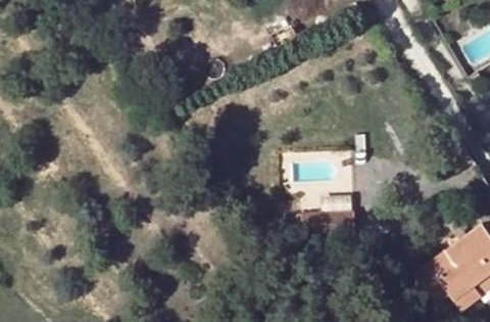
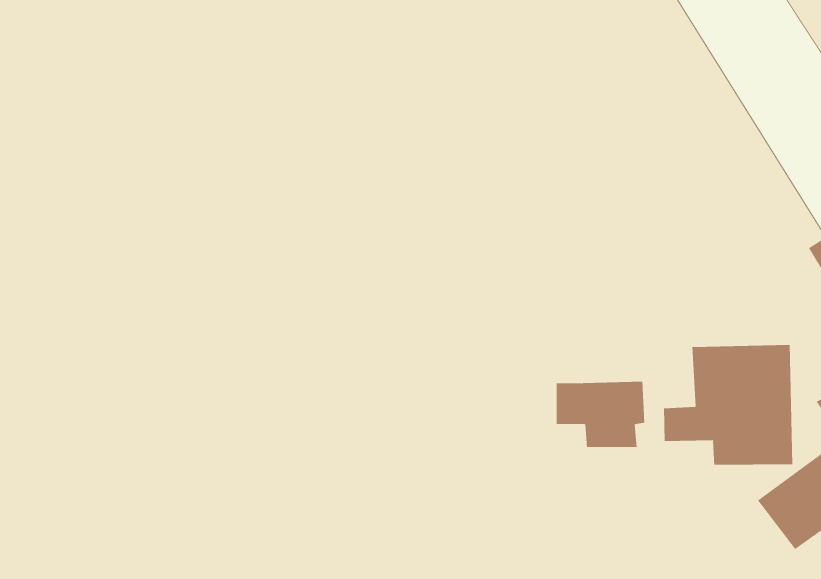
building: none -> [664,344,793,465]

